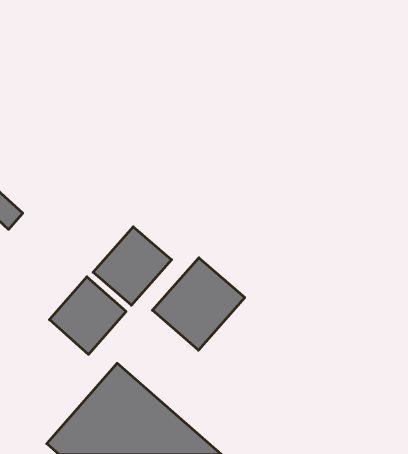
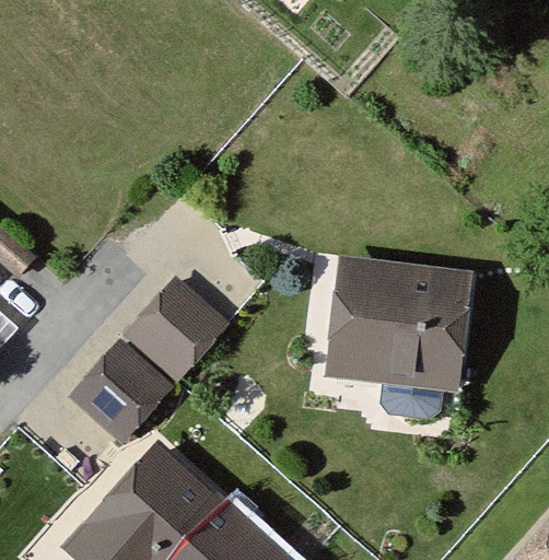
building: none -> [332,260,467,383]
building: [152,258,245,350] -> none

